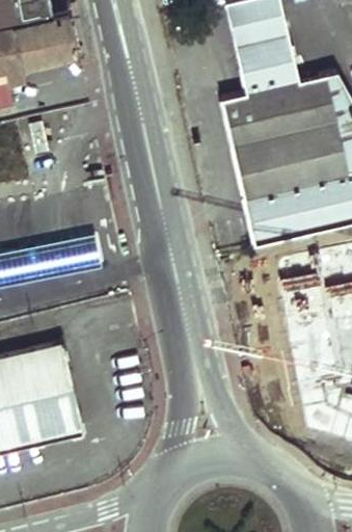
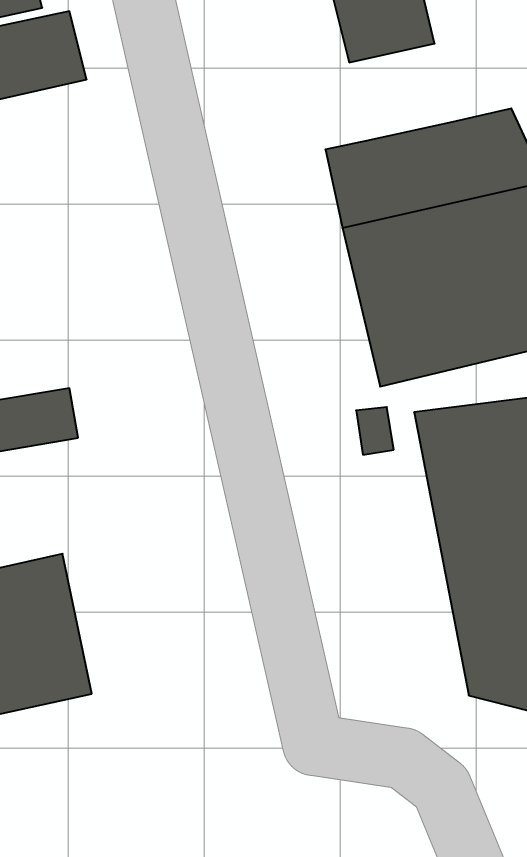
building: [237,34,299,94] -> none

